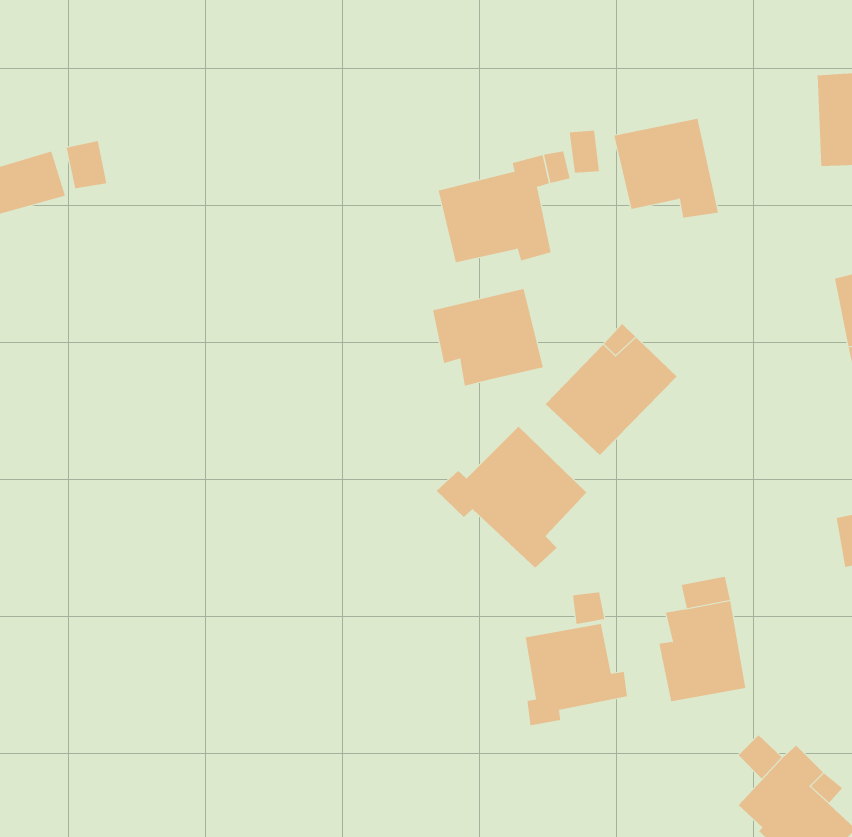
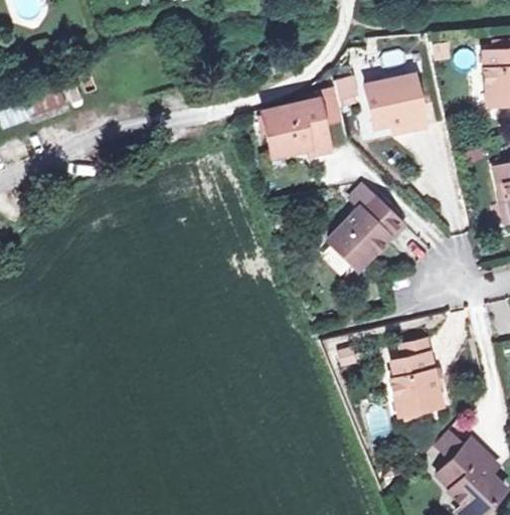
building: [433,288,544,387] -> none
building: [436,426,587,568] -> none
building: [525,623,627,726] -> none

